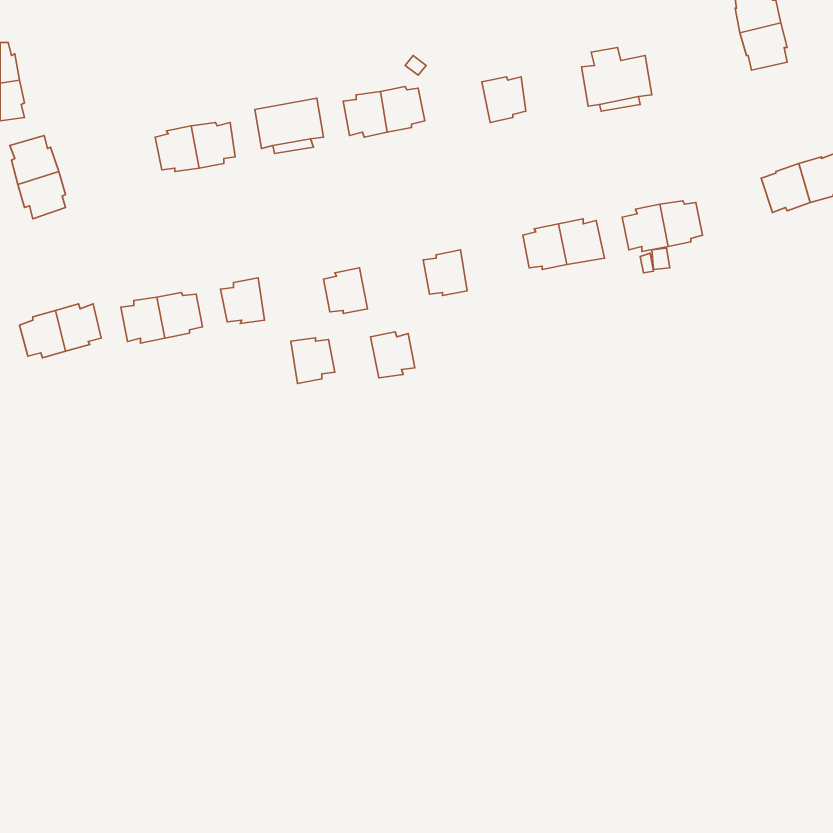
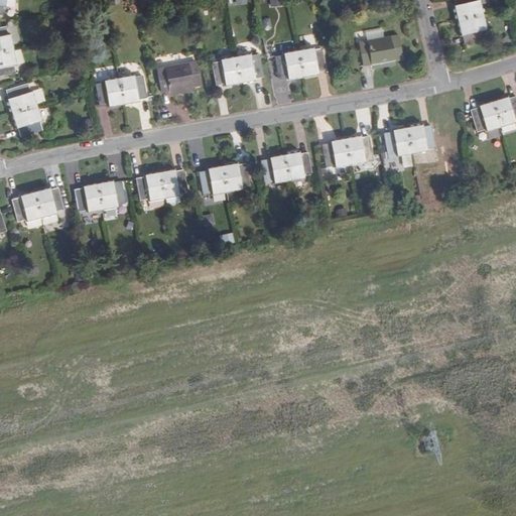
building: none -> [275,50,303,78]
building: none -> [285,151,311,179]
building: [371,332,415,378] -> [223,162,250,190]
building: [291,338,335,384] -> [160,169,187,198]

